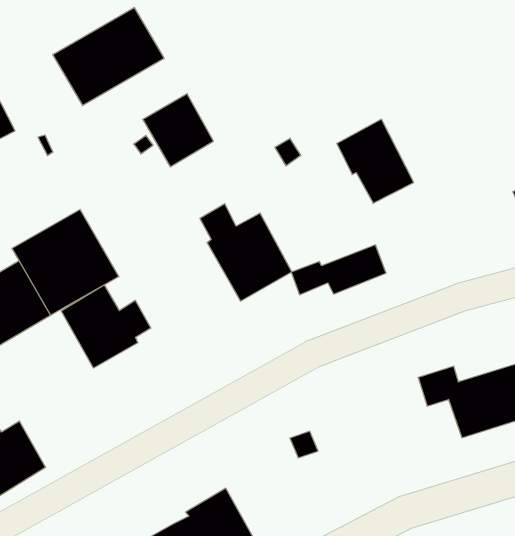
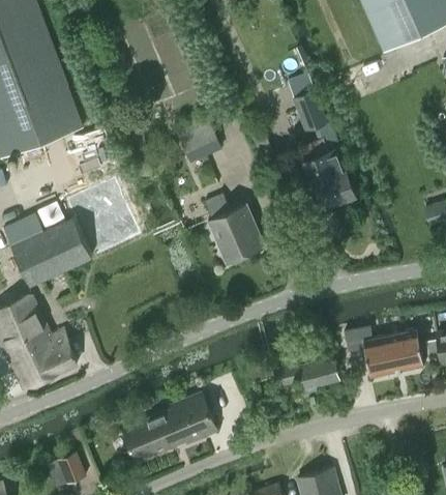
building: [53,7,164,106] -> none
building: none -> [288,72,332,143]
building: [291,245,386,295] -> [272,357,338,388]
building: [61,285,151,368] -> none

